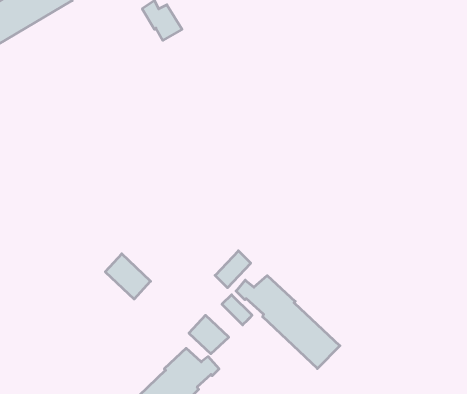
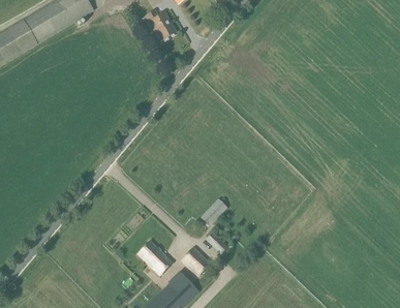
building: [105,254,151,299] -> [139,240,173,274]
building: [236,276,340,369] -> none

